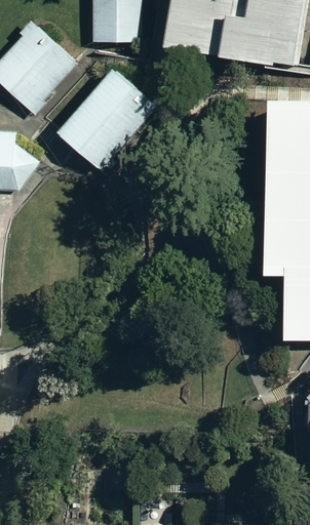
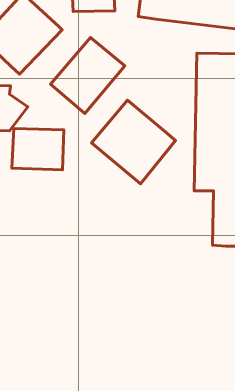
building: none -> [92,100,176,184]
building: none -> [12,129,64,170]

